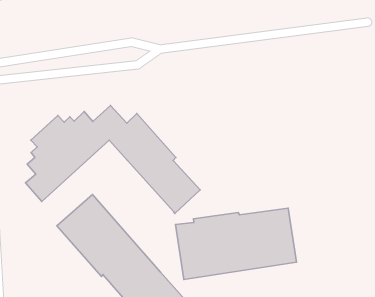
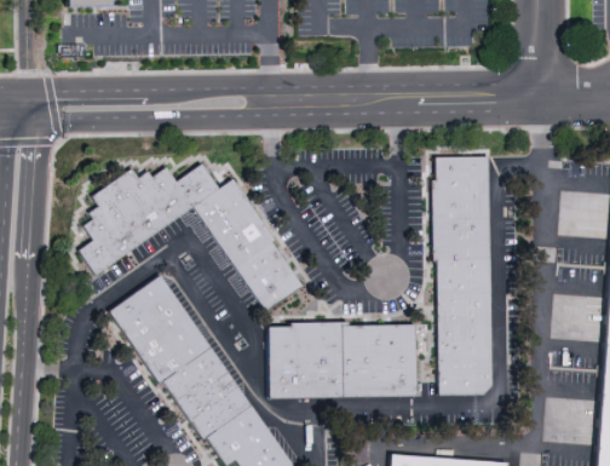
building: none -> [435,156,493,396]

